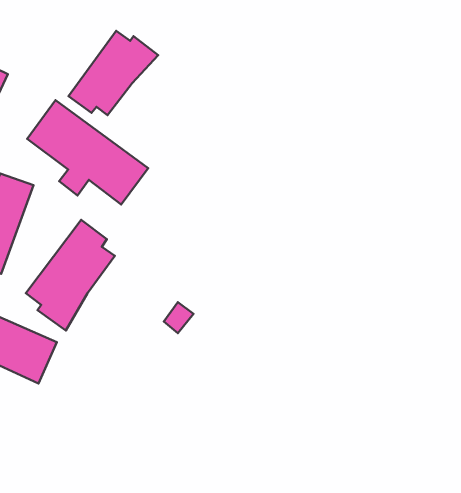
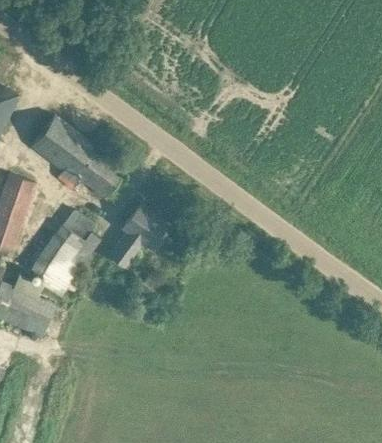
building: [68,31,158,115] -> none
building: none -> [109,204,169,268]

